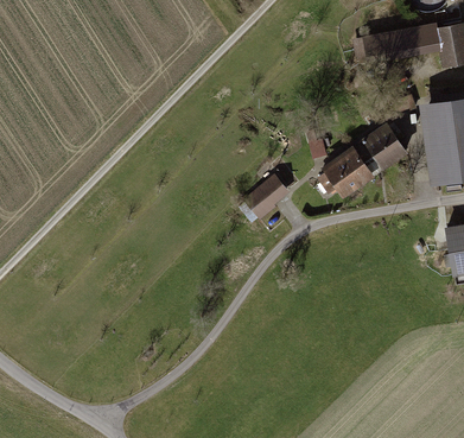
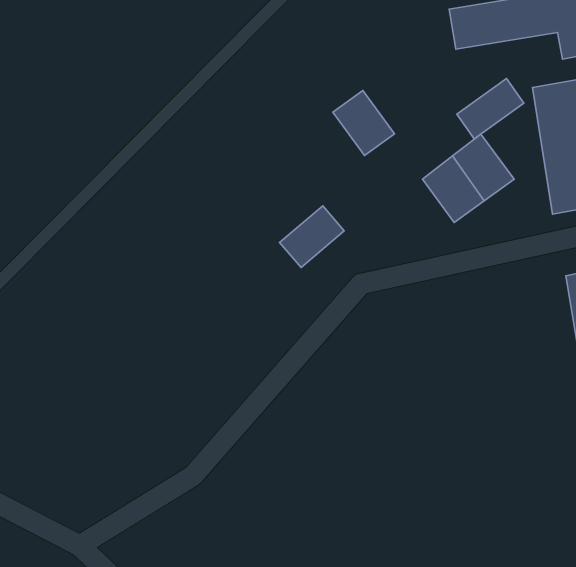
building: none -> [457,78,524,139]
building: [323,155,367,202] -> [333,91,394,156]

